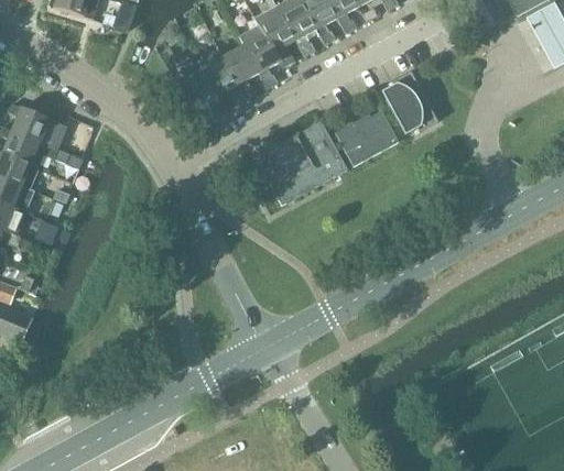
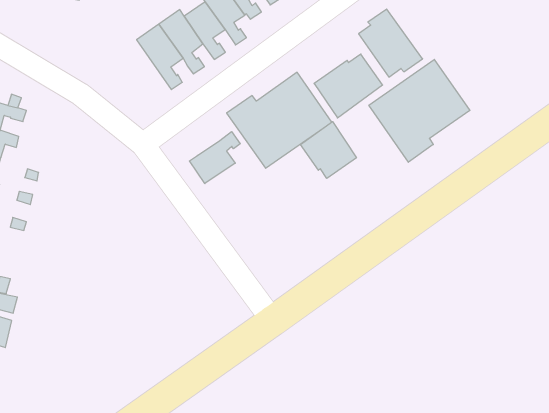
building: none -> [369,59,470,162]
building: none -> [189,132,240,184]
building: none -> [300,122,356,178]

